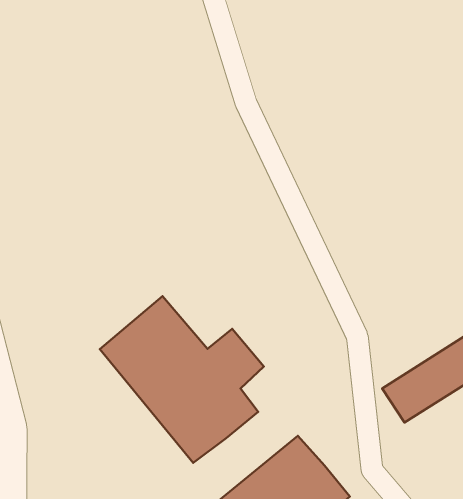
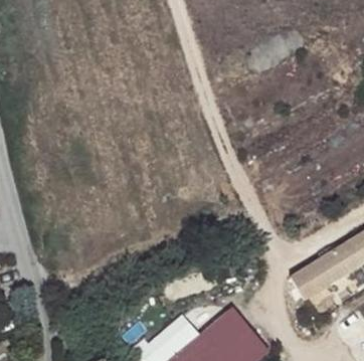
building: [100,296,264,463] -> none

